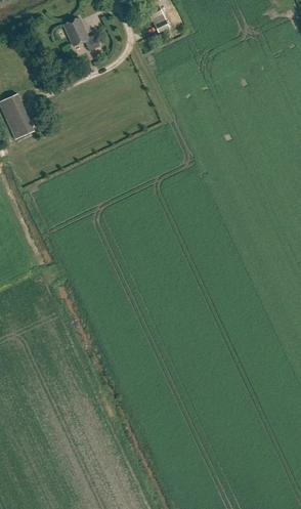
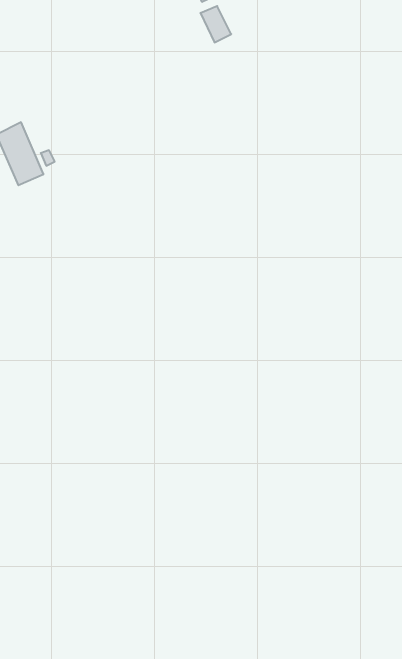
building: [63,16,100,50] -> none

